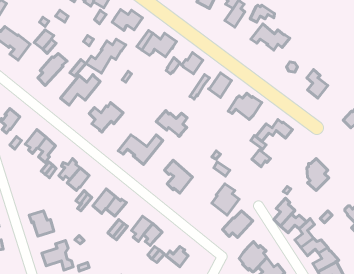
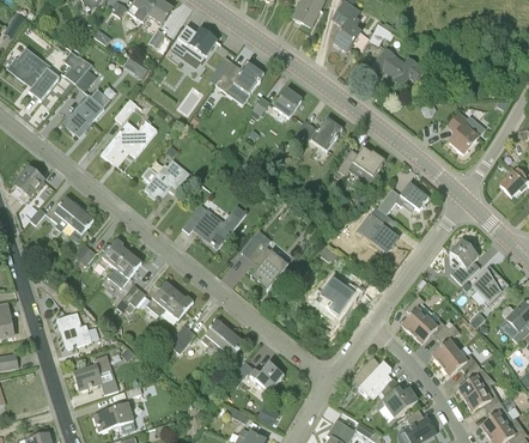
building: [86,39,126,73] -> none
building: [156,111,187,137] -> none
building: none -> [472,266,509,304]
building: [223,211,253,237] -> none

